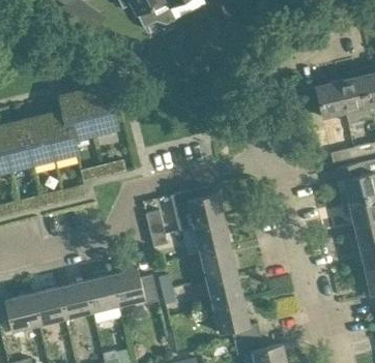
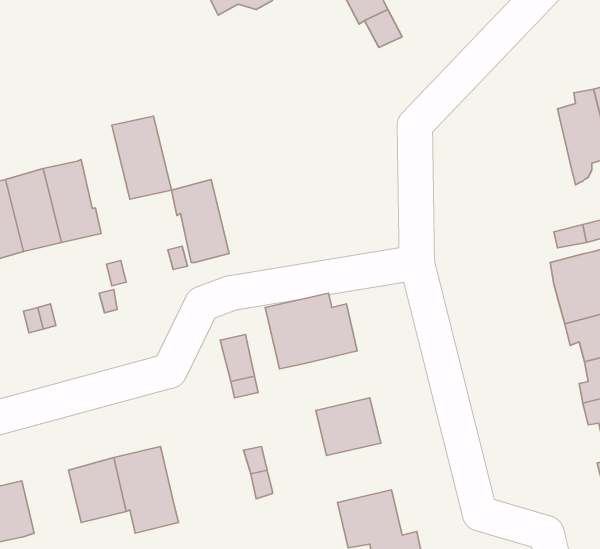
building: [313,78,346,118] -> none
building: [60,91,93,139] -> [171,179,229,262]
building: [194,220,231,254] -> none
building: [111,269,158,306] -> none
building: [206,273,243,307] -> none
building: [31,289,65,325] -> none

